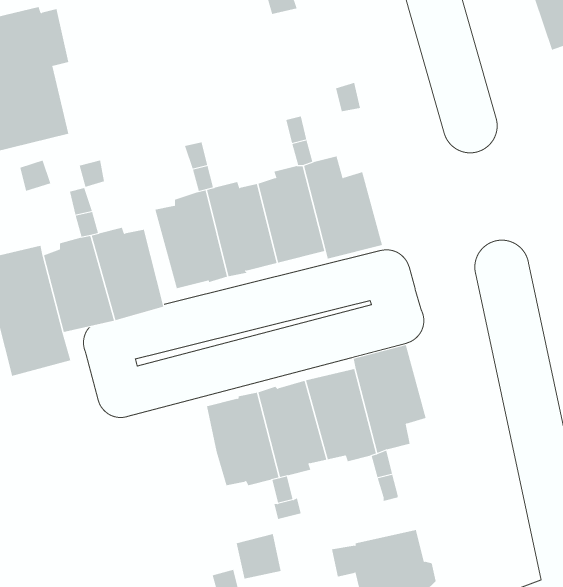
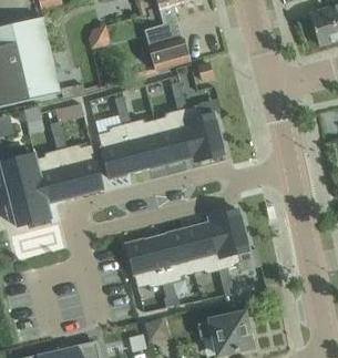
building: none -> [148,37,190,72]

